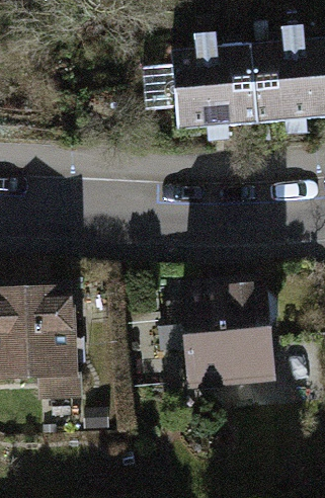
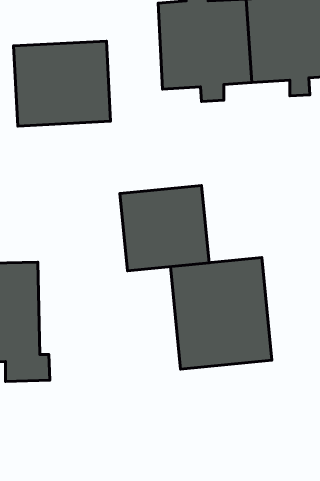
building: none -> [14,41,111,126]
building: none -> [120,186,209,271]

